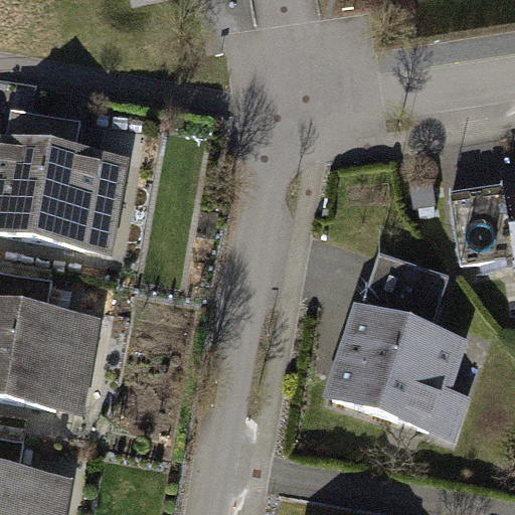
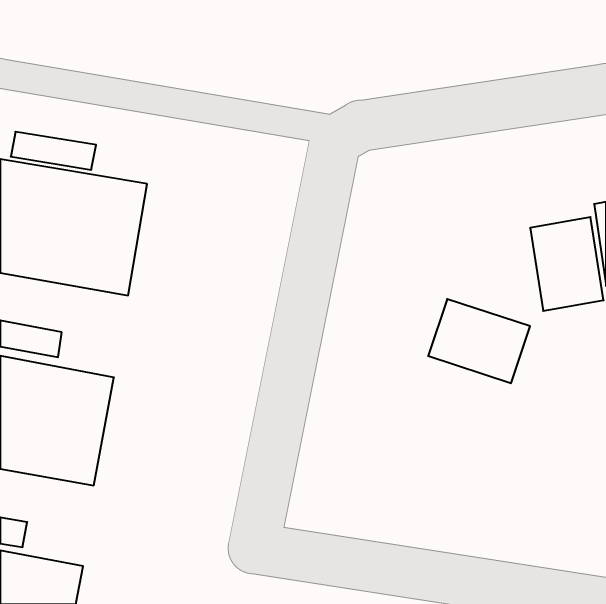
building: [326,308,468,437] -> none

